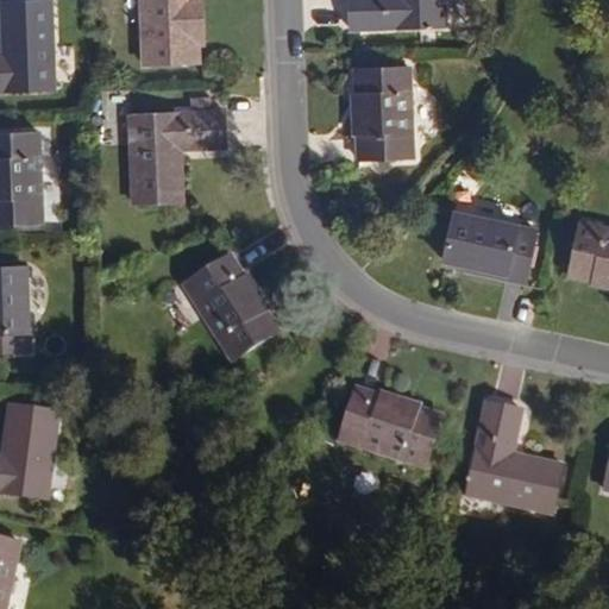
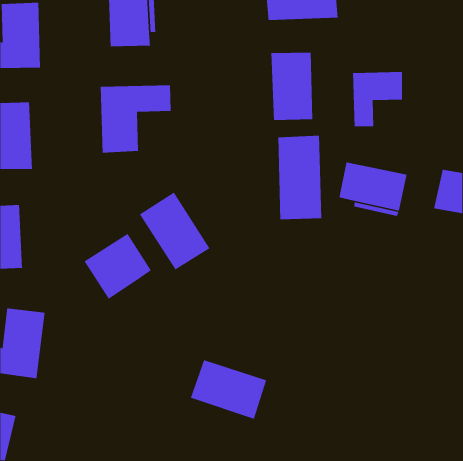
building: none -> [352,71,403,127]
building: none -> [278,135,322,220]
building: none -> [83,233,152,300]
building: [335,387,437,466] -> [190,359,267,420]
building: [465,403,563,515] -> none

